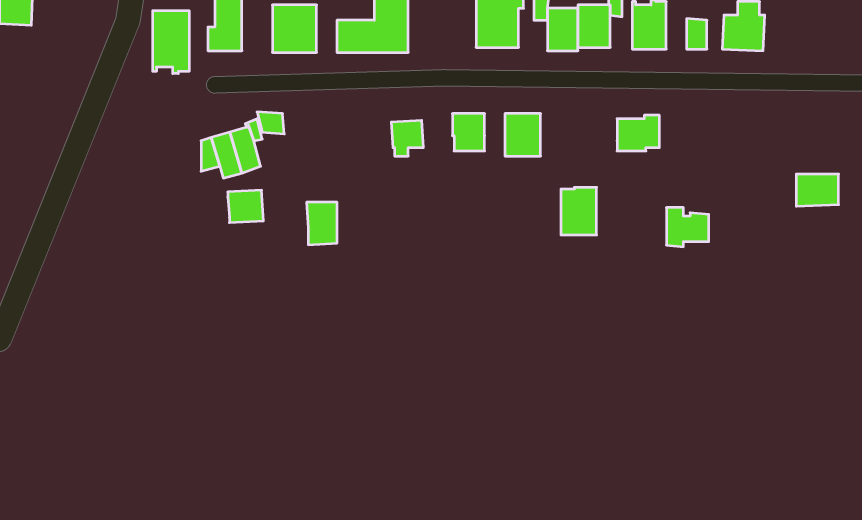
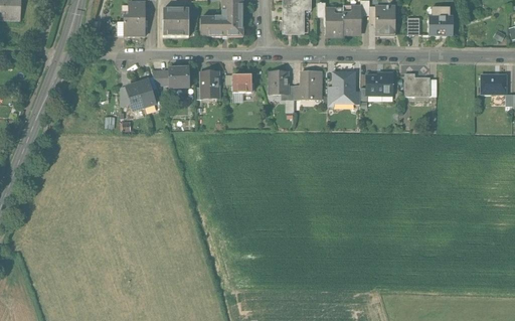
building: [153,11,189,74] -> none
building: [796,174,839,206] -> [481,74,506,94]
building: [561,187,597,235] -> [333,72,354,101]
building: [228,190,263,223] -> [168,68,189,88]
building: [307,202,337,245] -> [200,71,218,97]
building: [666,208,709,247] -> [404,73,430,97]

